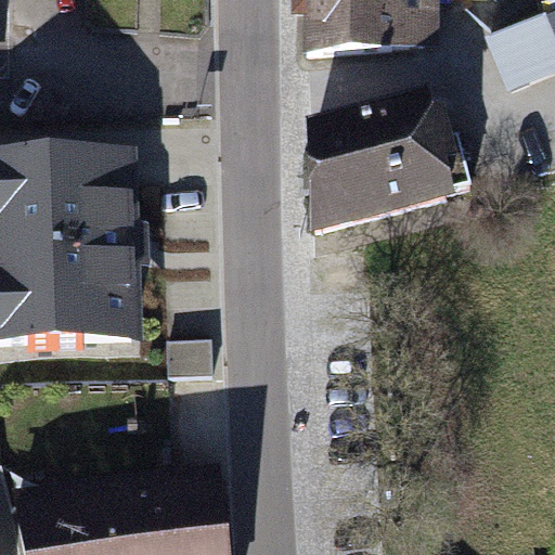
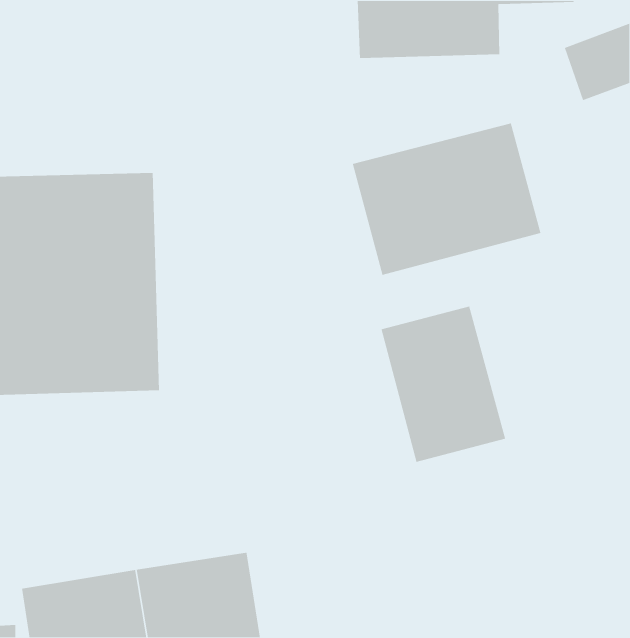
building: none -> [380,305,506,463]

